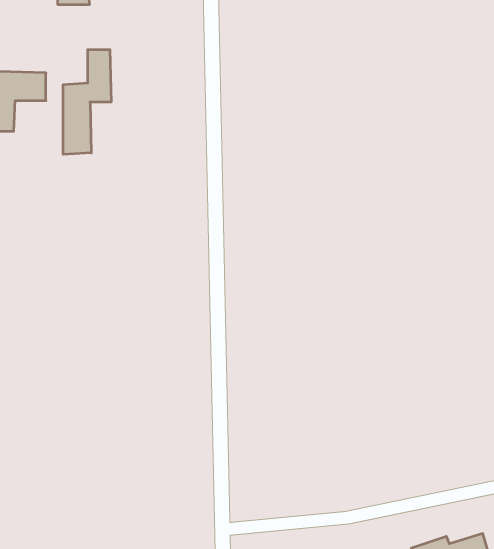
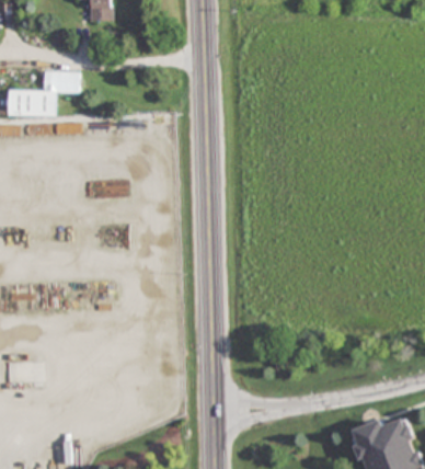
building: [63,50,111,154] -> none

